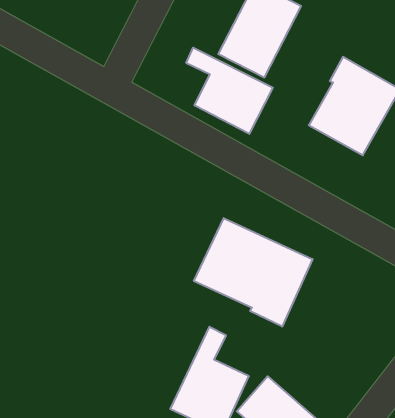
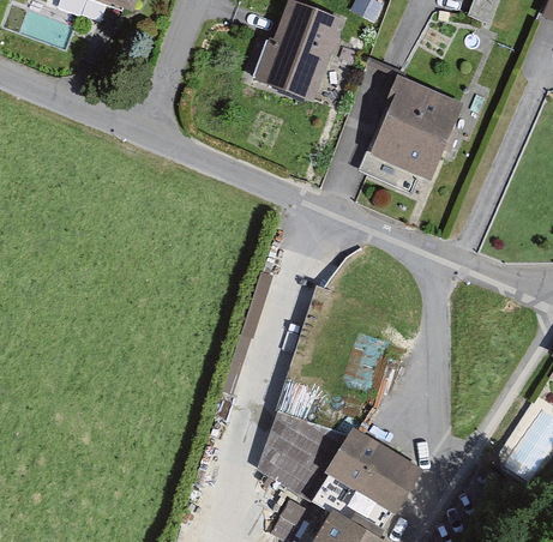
building: [186,48,273,134] -> none
building: [194,218,313,327] -> none

